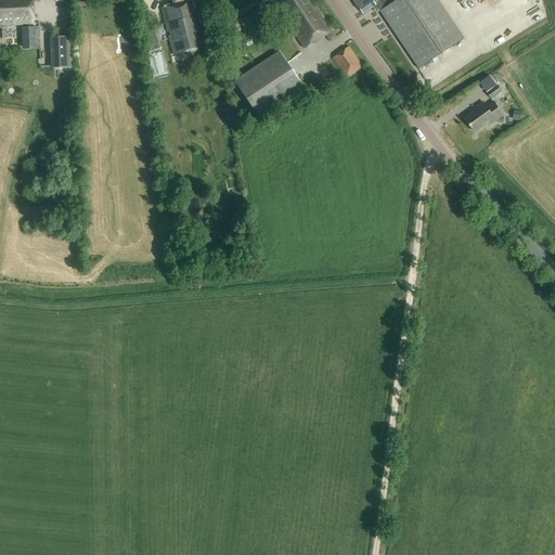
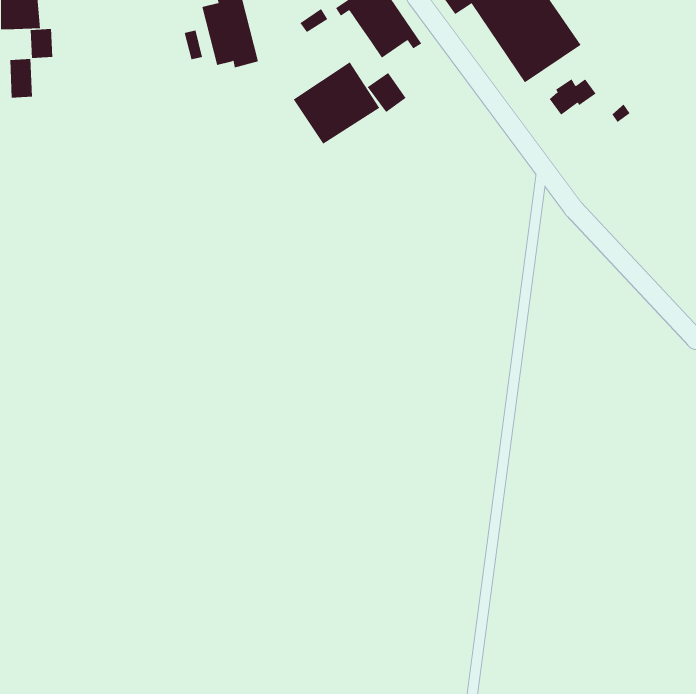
building: [50,35,68,66] -> [10,59,33,98]
building: [331,44,362,77] -> [367,72,406,113]
building: [465,101,503,130] -> [549,79,596,115]

